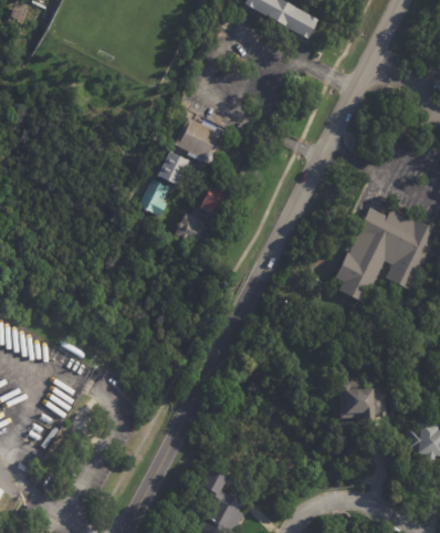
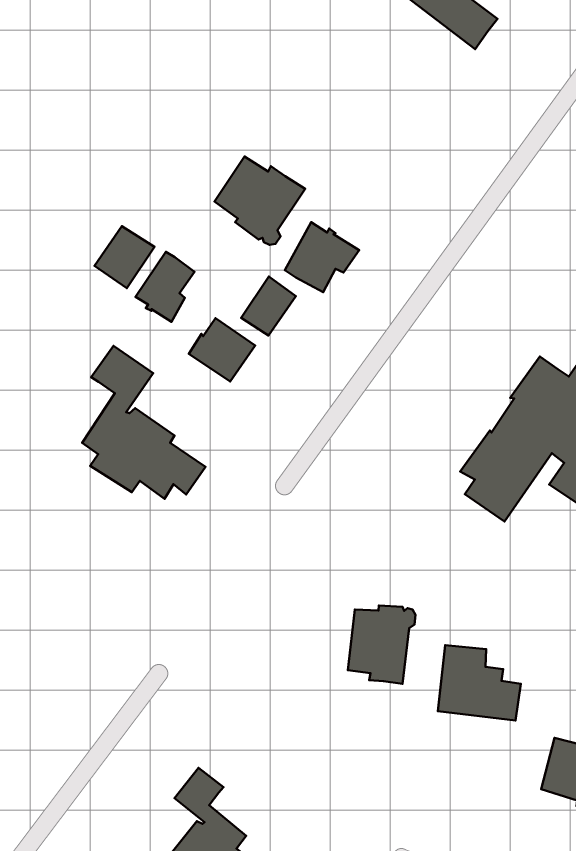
building: none -> [285,222,359,292]
building: [156,151,188,186] -> [95,226,155,288]
building: none -> [82,346,205,499]
building: none -> [348,606,415,684]

